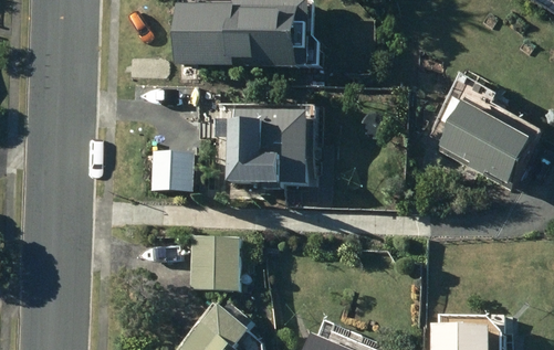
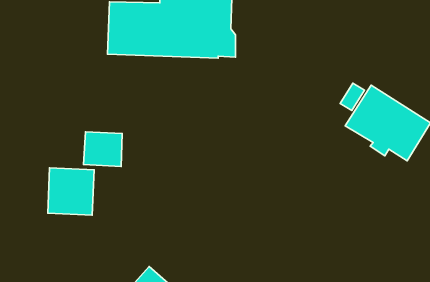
building: [229,106,325,200] -> none
building: [187,235,240,289] -> [48,168,94,215]

